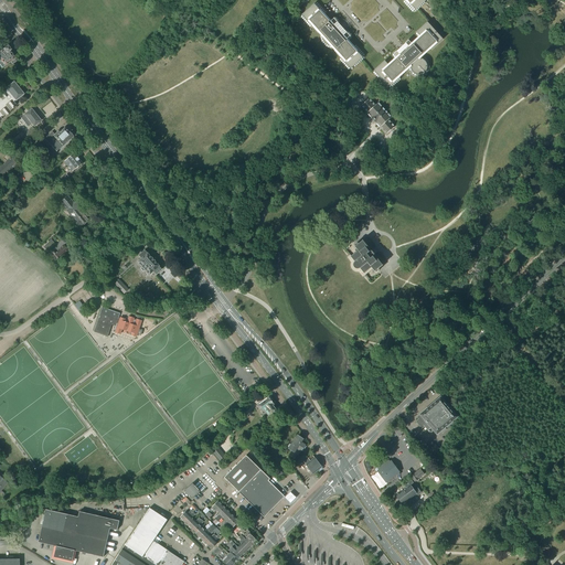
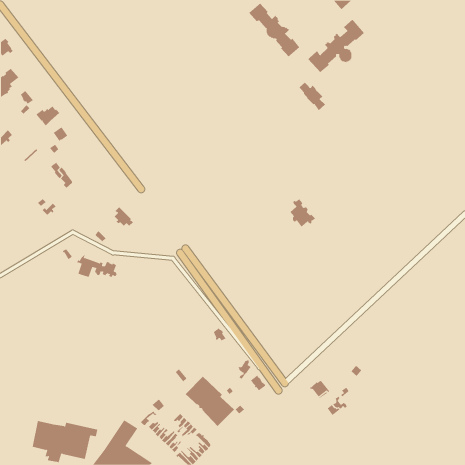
building: [416,398,457,434] -> none

